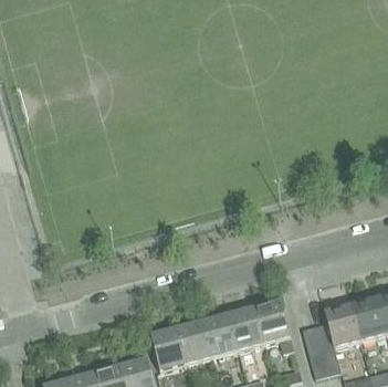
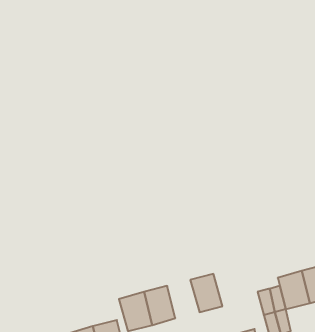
building: [254,301,294,352] -> none
building: [203,314,239,356] -> none

